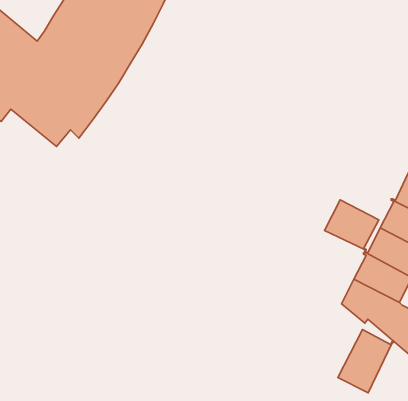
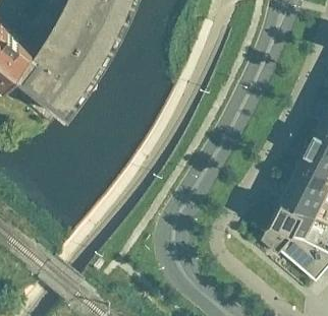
building: [324,200,379,252] -> none
building: [338,330,394,393] -> none

